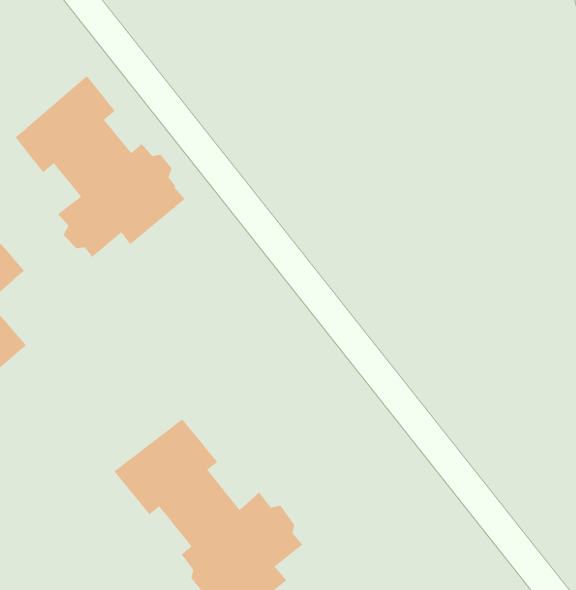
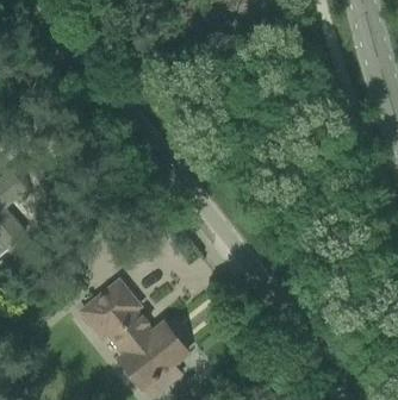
building: [15,75,186,258] -> none

